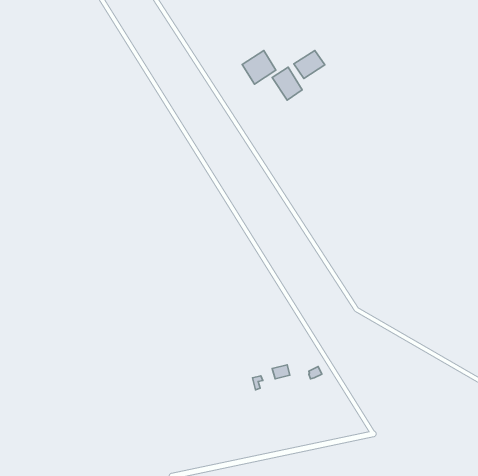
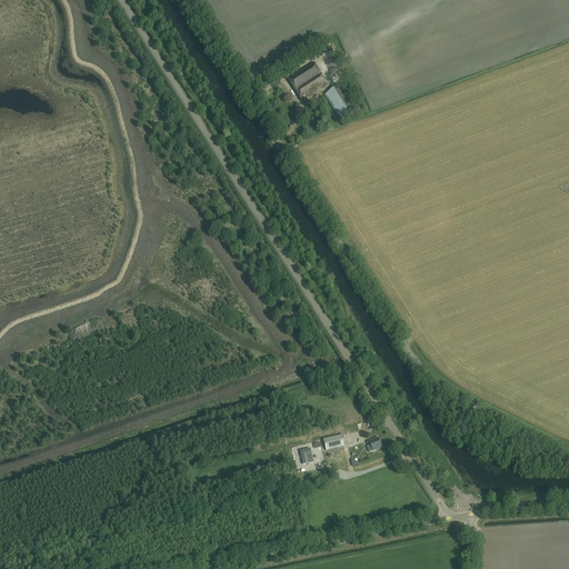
building: [294,50,325,78] -> none

